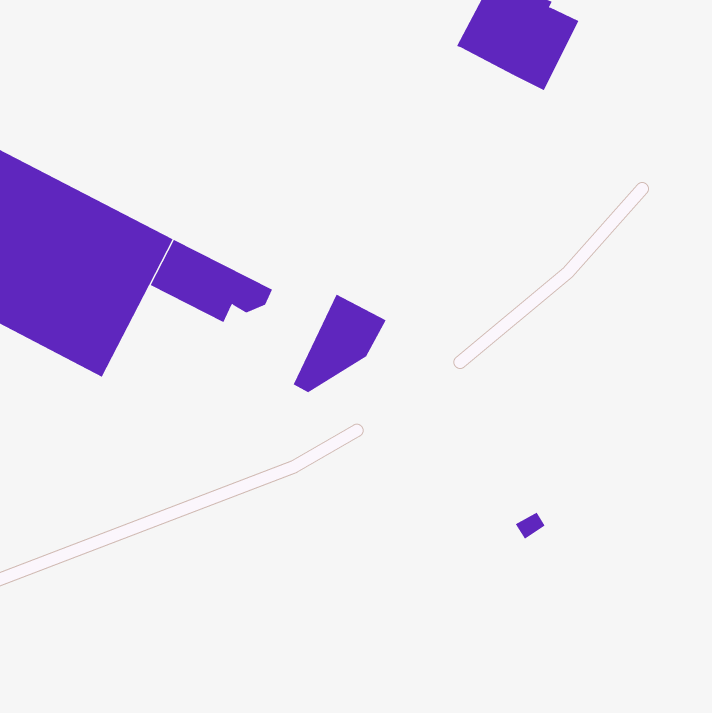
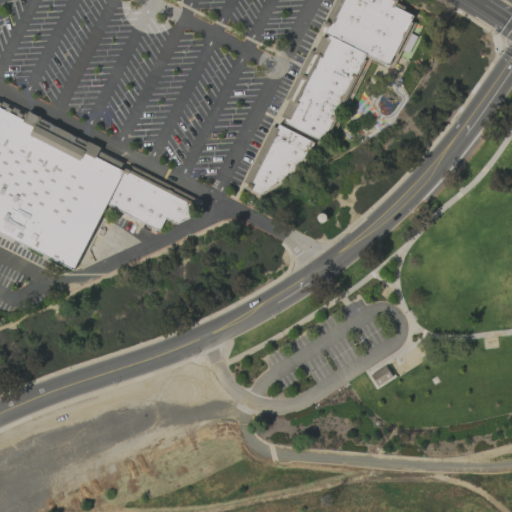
building: none -> [284,34,367,143]
building: [293,294,386,393] -> [248,124,315,195]

